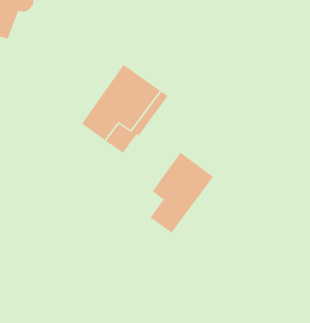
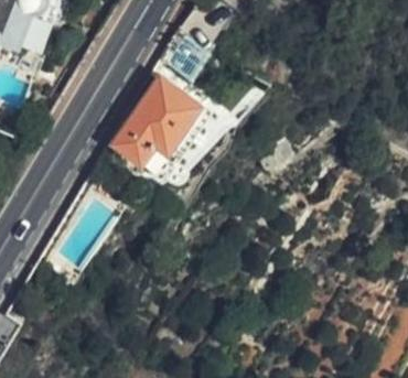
building: [150,152,214,234] -> none

